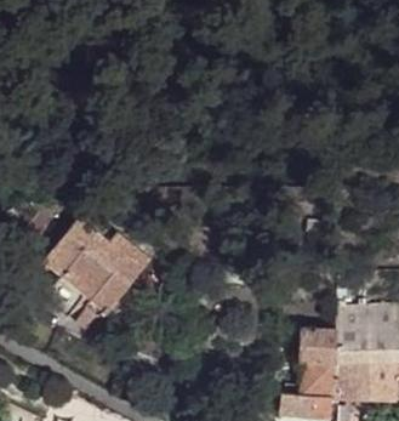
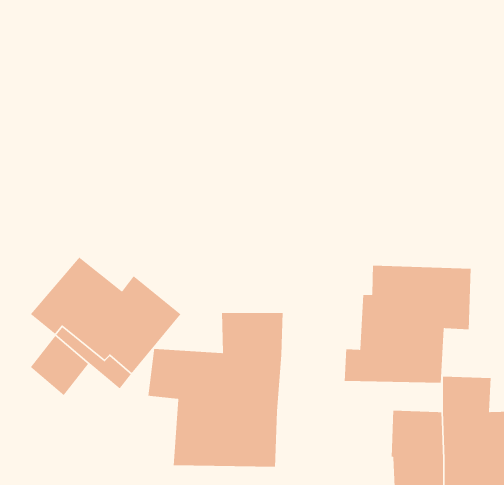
building: none -> [344,265,472,384]
building: none -> [147,312,284,467]

